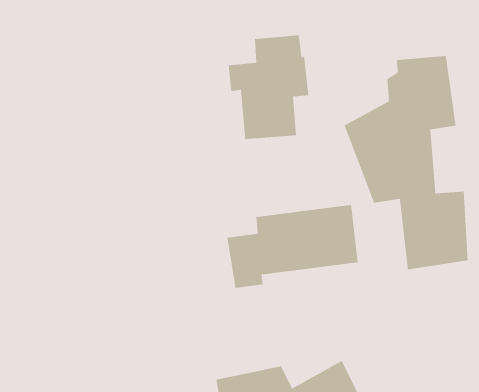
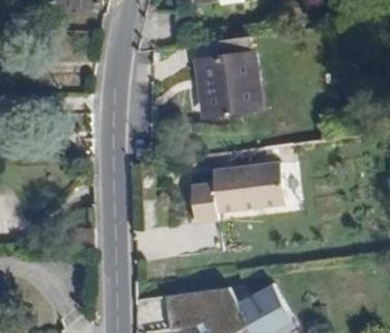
building: [344,55,468,270] -> none

